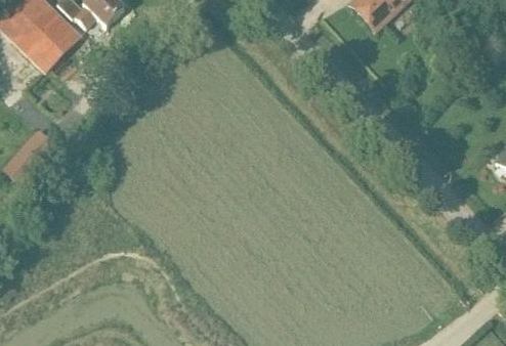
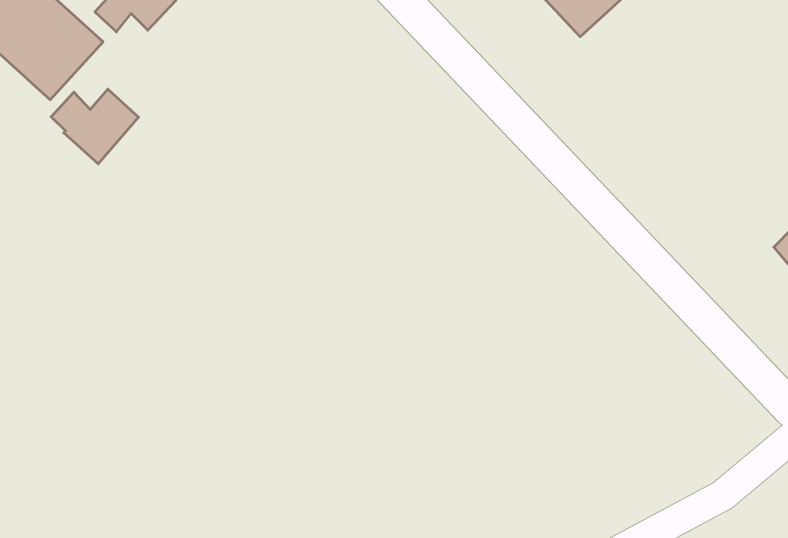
building: none -> [51,89,139,164]

